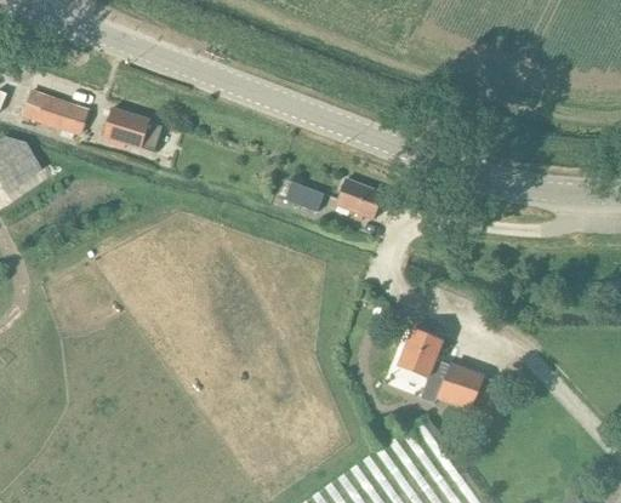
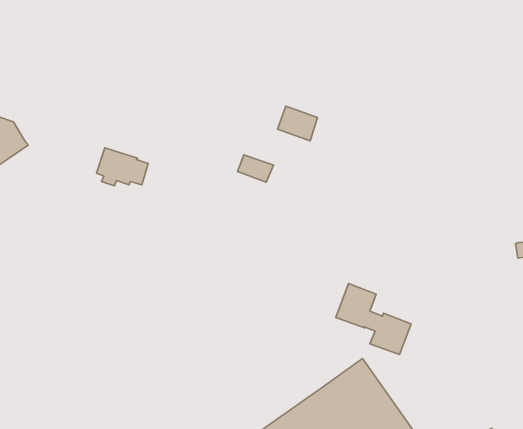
building: [23,95,89,136] -> none
building: [102,109,161,153] -> [96,148,148,186]
building: [335,181,381,221] -> [277,106,318,141]

